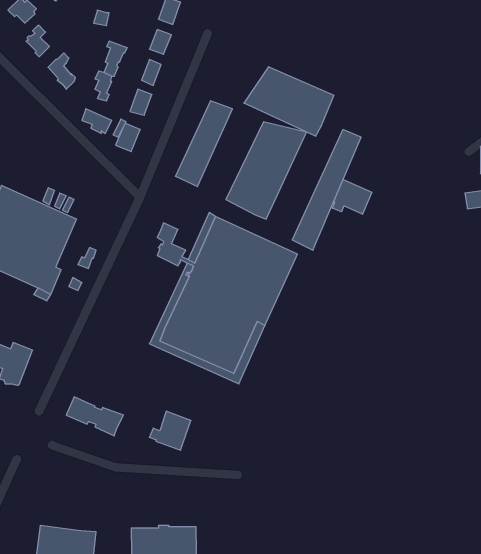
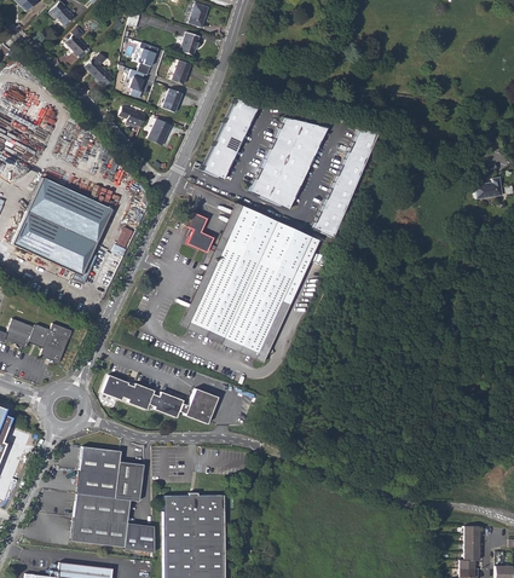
building: [244,67,334,136] -> none
building: [332,179,372,214] -> none
building: none -> [150,391,185,417]
building: none -> [79,446,145,501]

